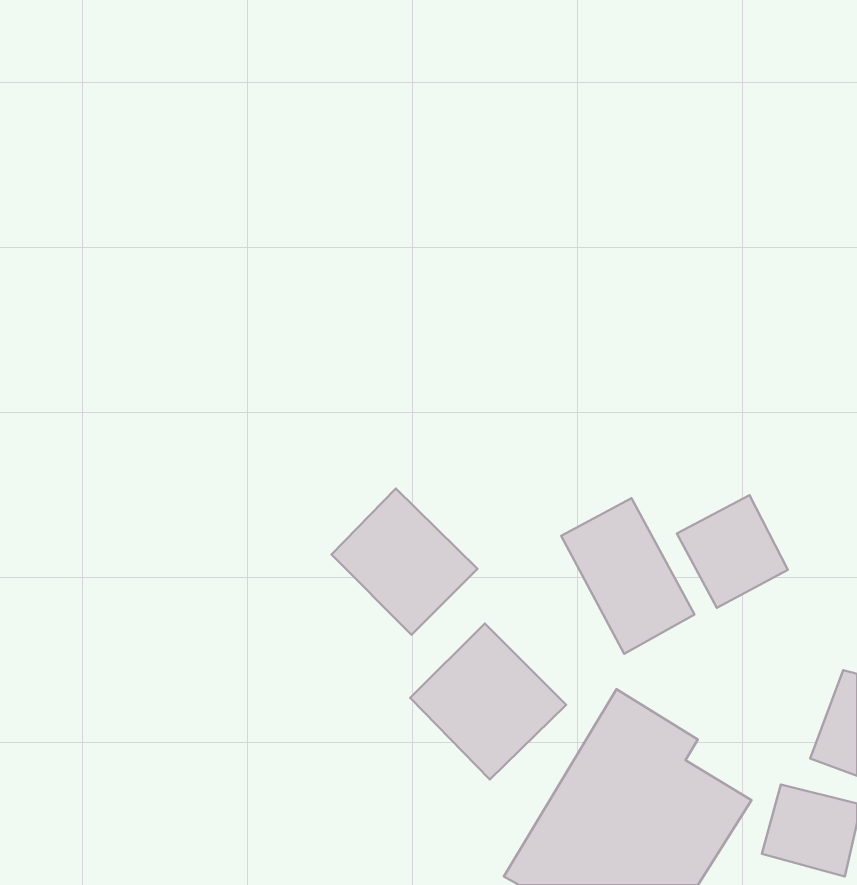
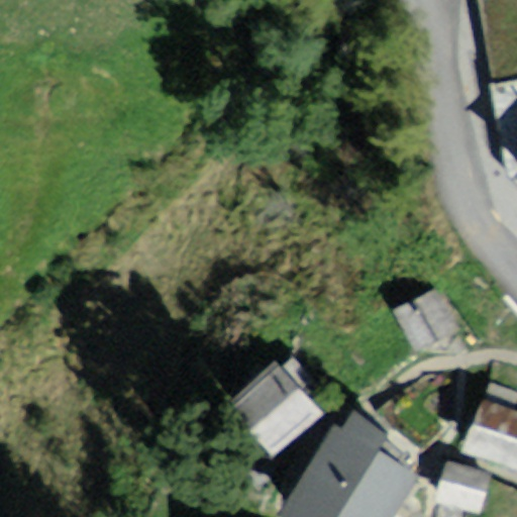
building: [331,488,478,635] -> none
building: [561,498,695,654] -> none

